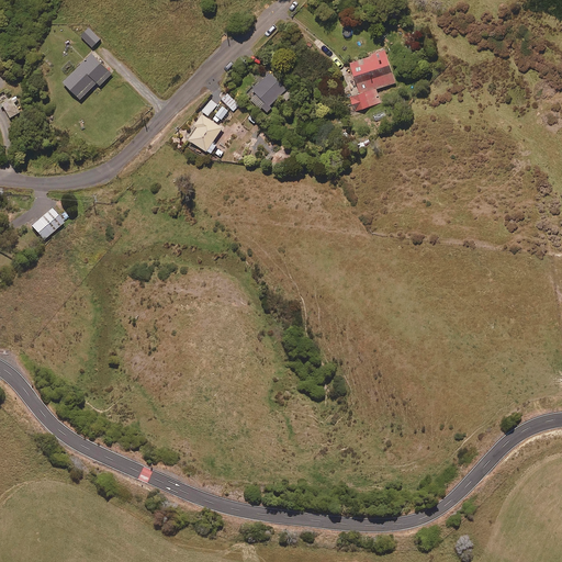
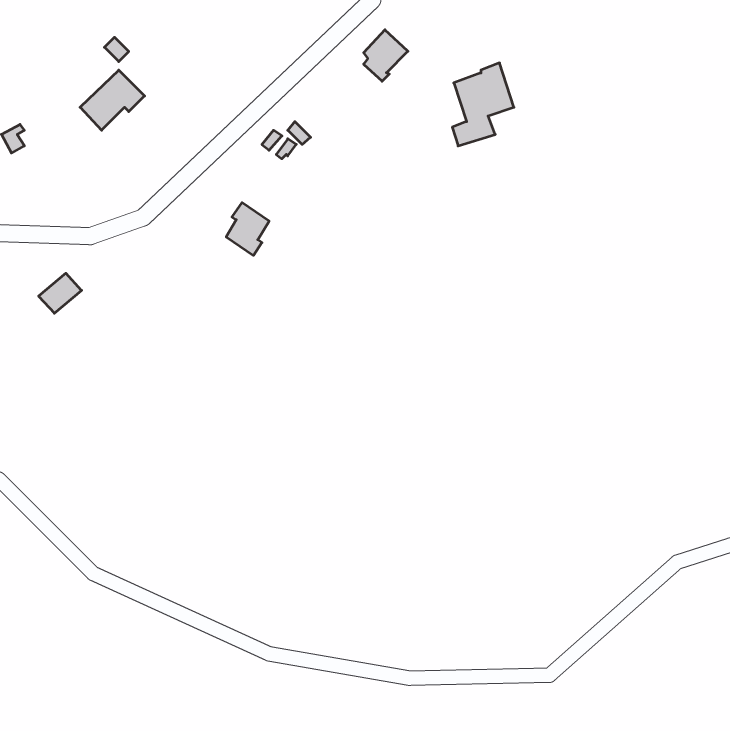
building: [251,72,285,112] -> [364,30,408,81]
building: [188,114,221,155] -> [226,203,269,255]

